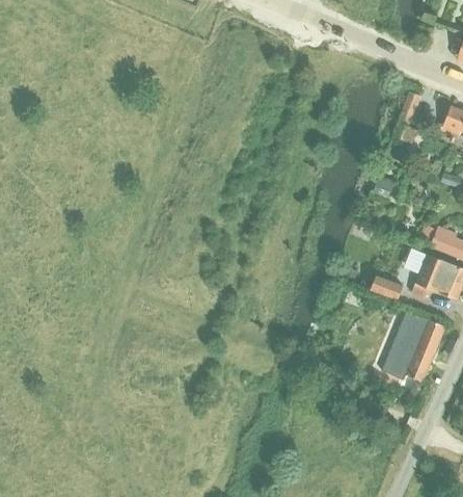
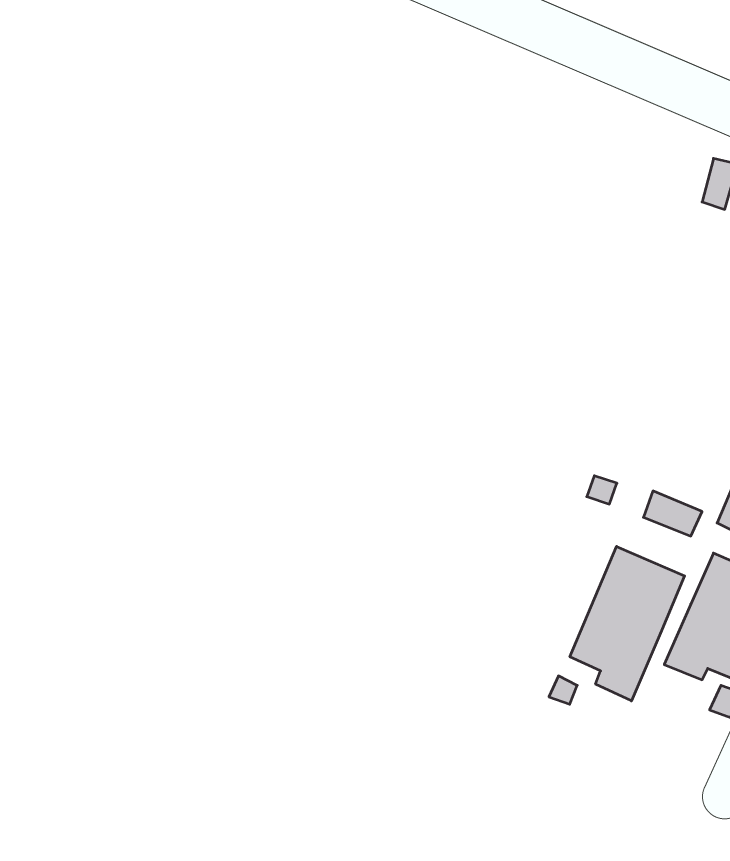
building: none -> [570,546,685,701]

